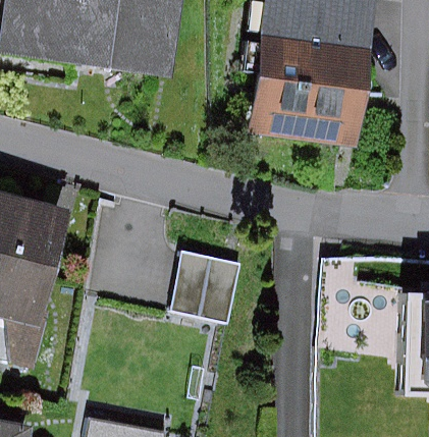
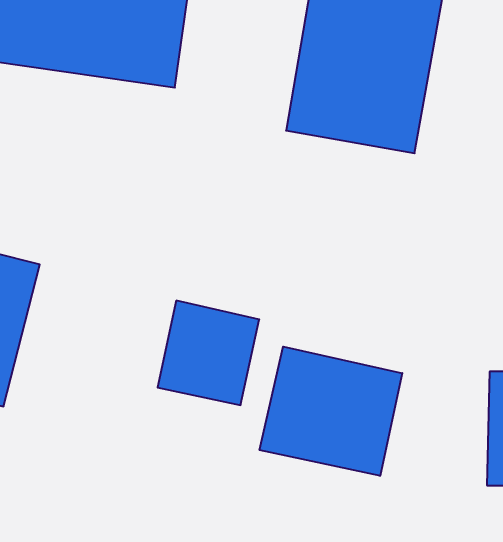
building: none -> [260,347,402,476]

